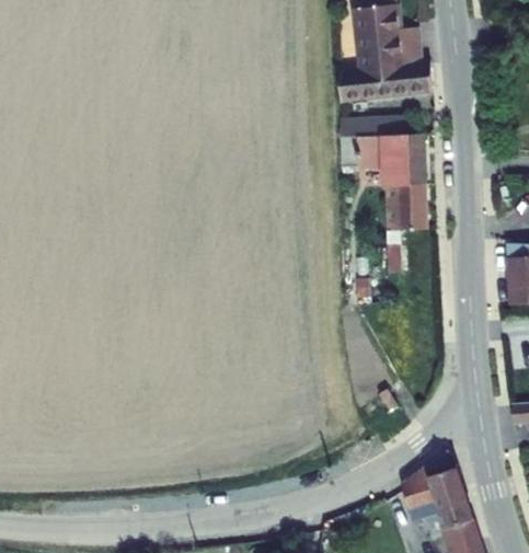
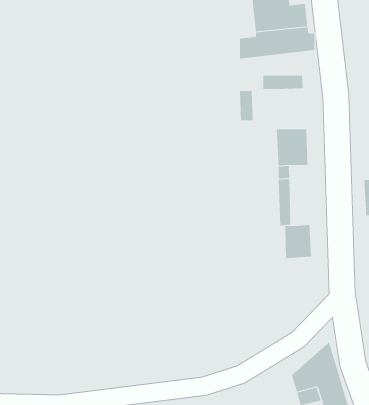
building: [382,137,423,186] -> none
building: none -> [285,224,311,259]

